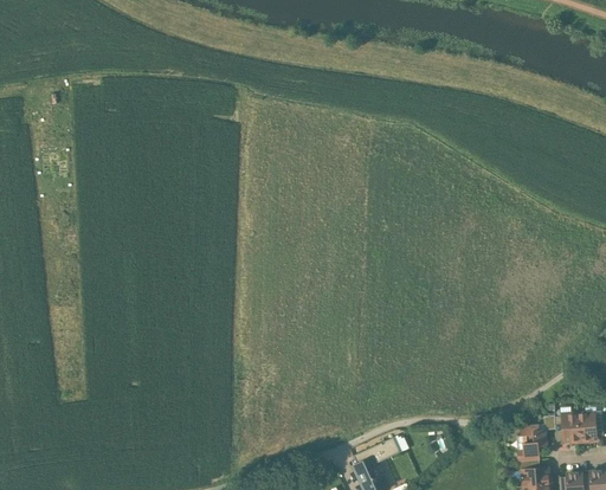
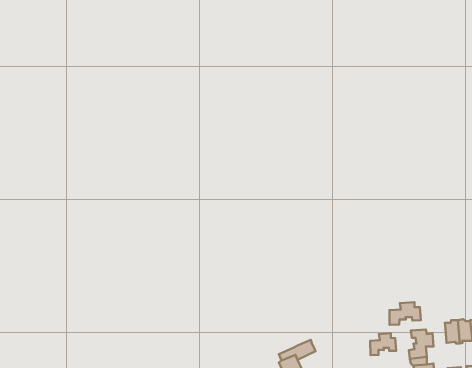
building: none -> [389,302,421,325]
building: none -> [370,333,396,355]

